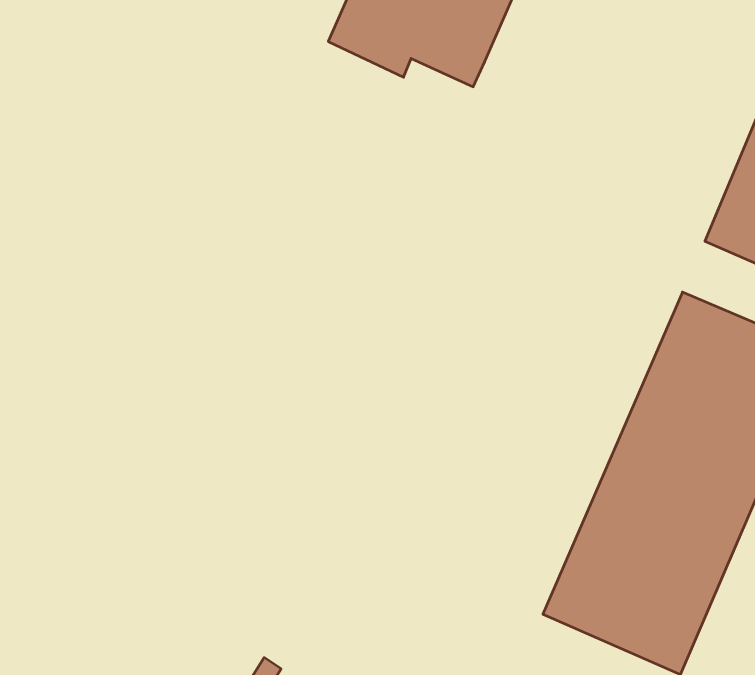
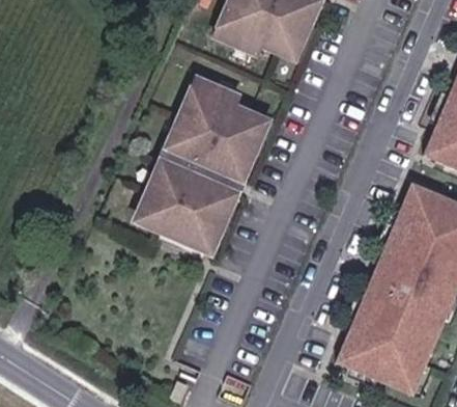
building: none -> [137,84,268,257]

